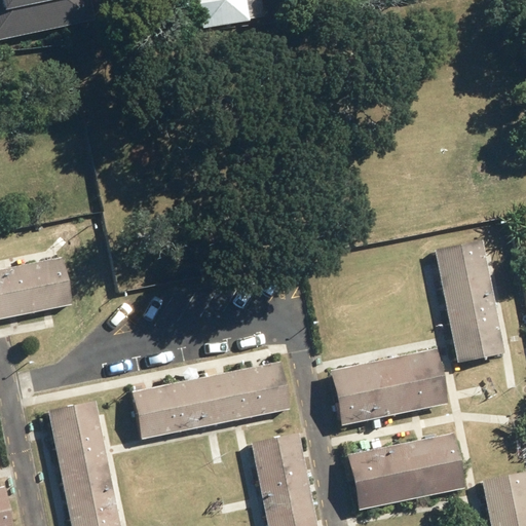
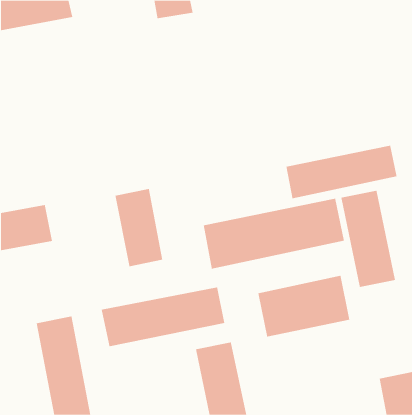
building: none -> [286,145,397,199]
building: none -> [115,188,163,267]
building: none -> [203,198,344,269]
building: [347,431,464,510] -> none

